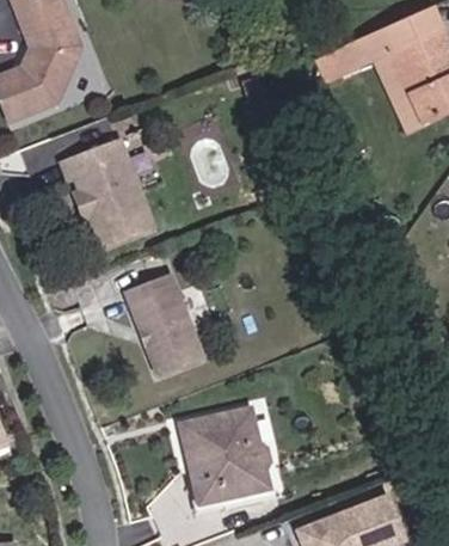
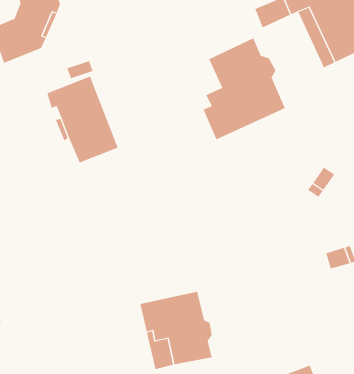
building: none -> [203,38,286,140]
building: [124,272,202,374] -> none

